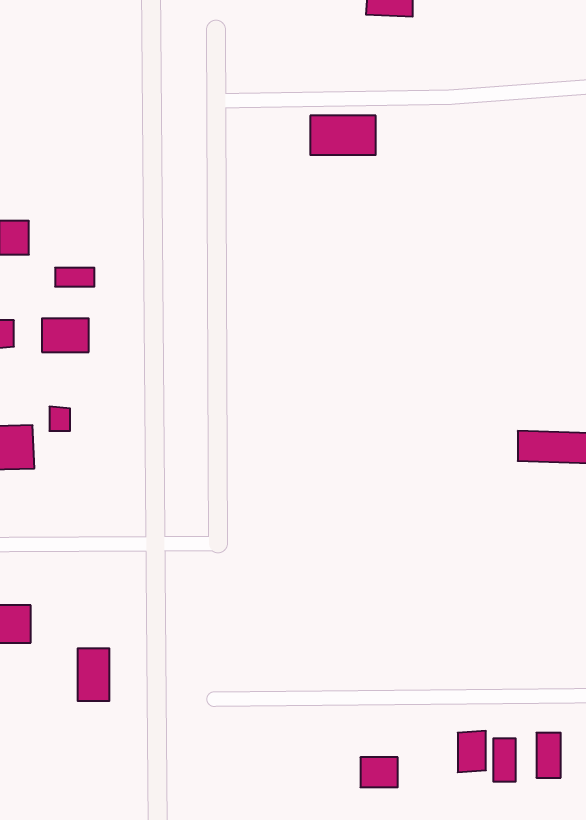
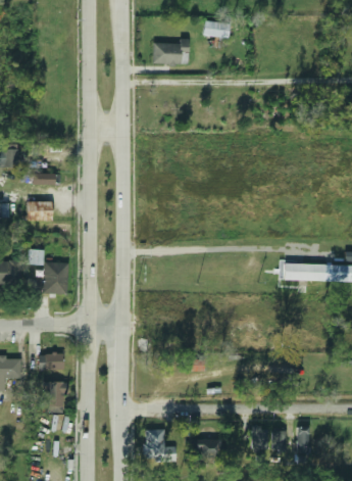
building: [310,116,376,155] -> [152,43,188,64]
building: none -> [44,263,67,294]
building: none -> [38,354,63,370]
building: none -> [147,431,174,462]

